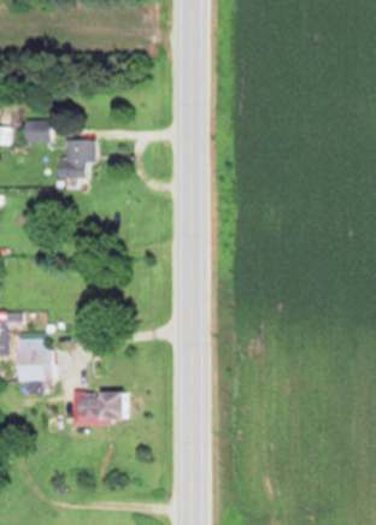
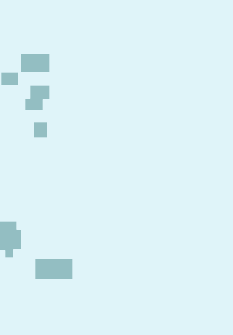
building: none -> [20,53,50,73]
building: none -> [33,122,48,138]

